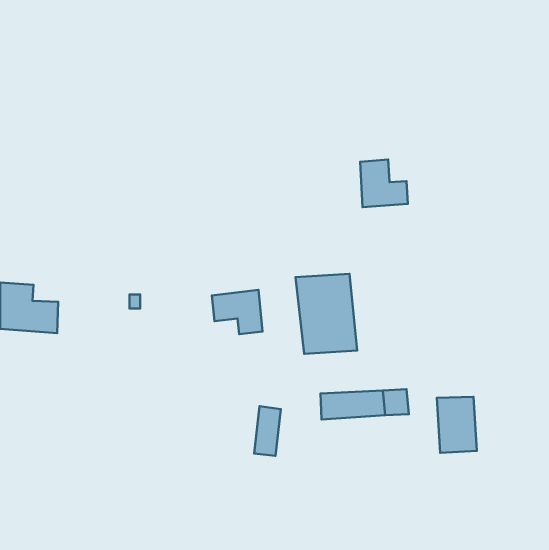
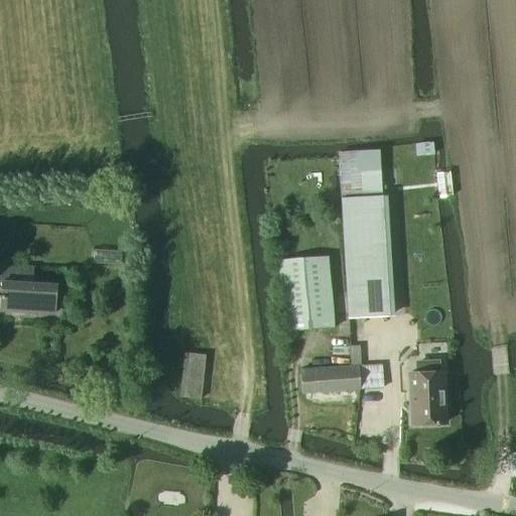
building: none -> [343,194,390,317]
building: [212,290,263,334] -> none
building: [254,406,281,456] -> [181,351,207,397]

